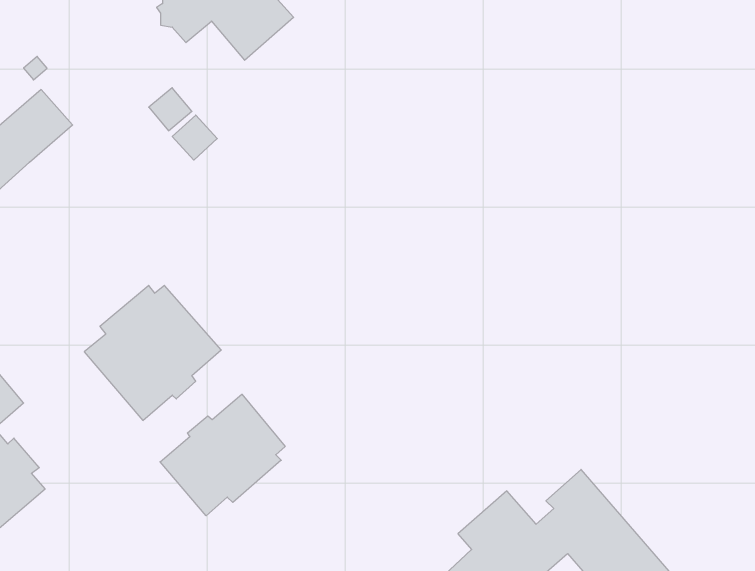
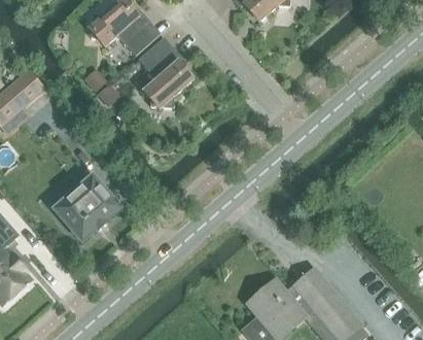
building: none -> [137,36,193,108]
building: [160,394,285,516] -> none

